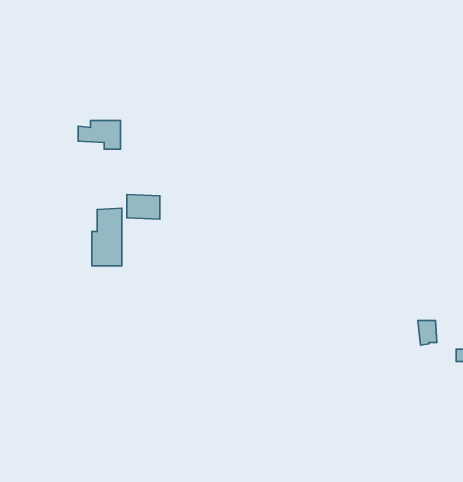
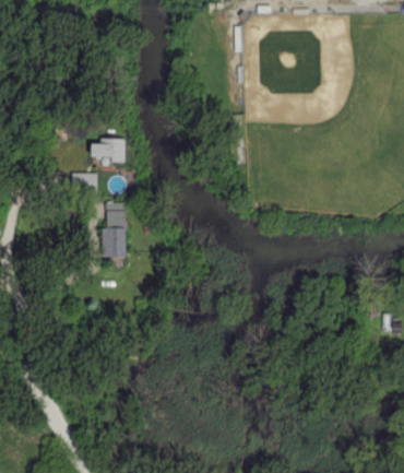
building: [127,194,160,219] -> [71,174,97,193]

